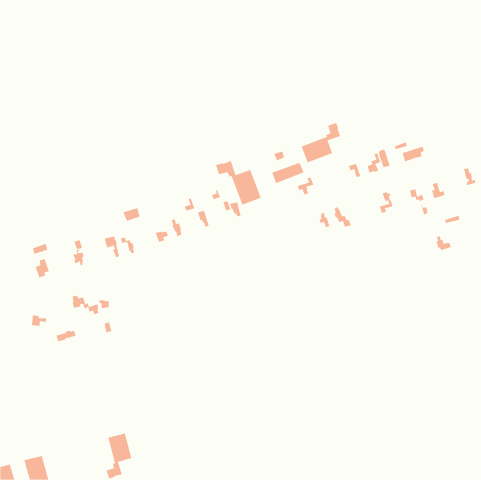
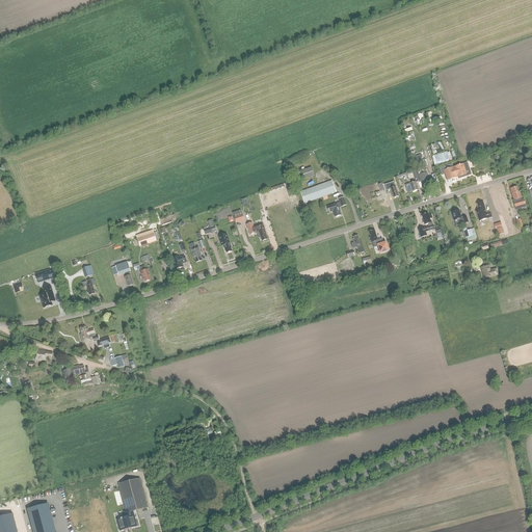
building: [301,122,341,163] -> none
building: [215,160,262,205] -> none

